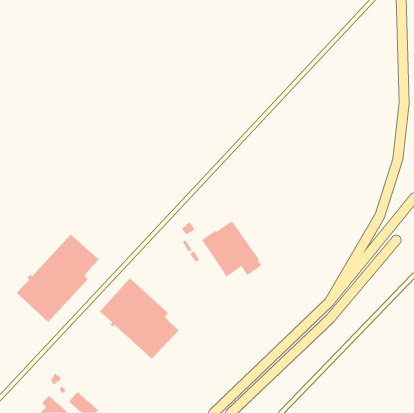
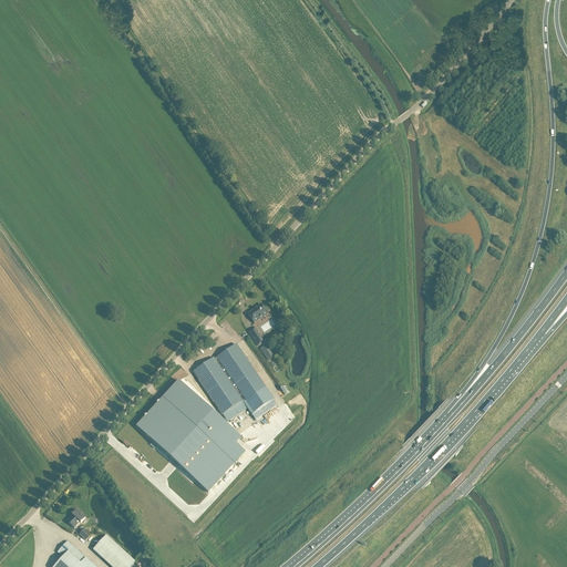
building: [201,221,262,277] -> [193,343,276,421]
building: [16,234,99,323] -> none

